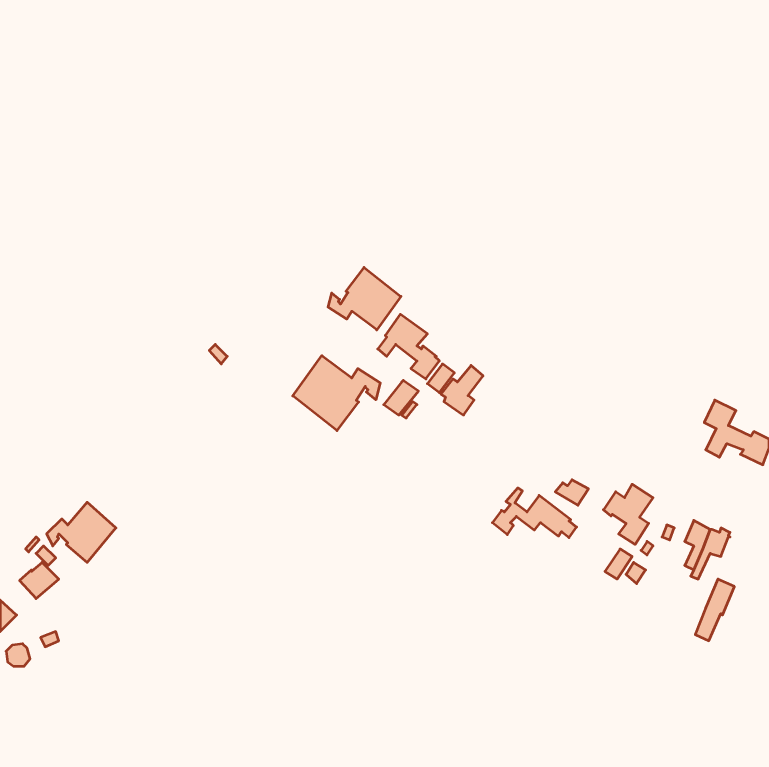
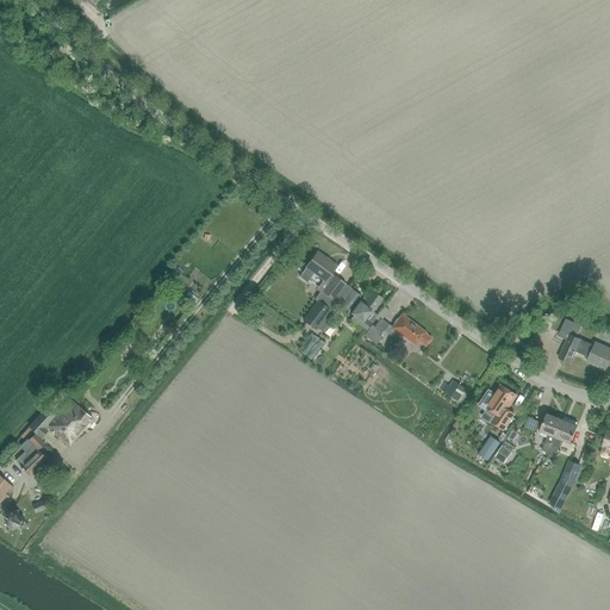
building: [328,267,401,330] -> none
building: [293,356,380,431] -> none
building: [492,488,577,538] -> [365,306,431,346]

